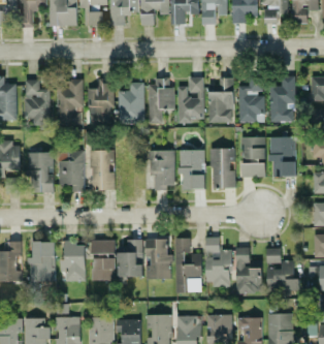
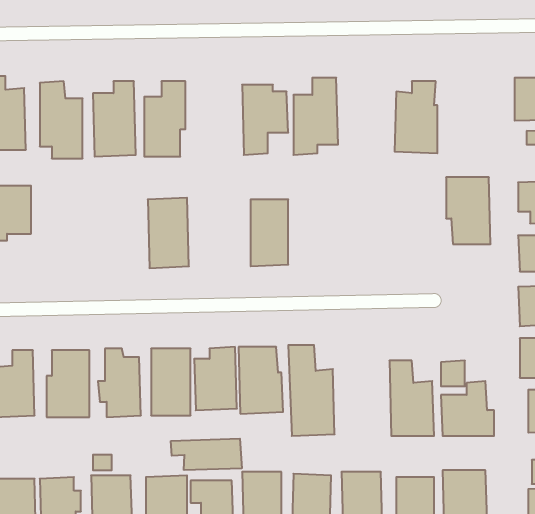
building: [269,75,295,121] -> none
building: [208,76,233,122] -> none
building: [118,82,144,124] -> none
building: [240,136,265,177] -> none
building: [212,148,234,188] -> none
building: [58,150,84,191] -> none
building: [179,150,205,189] -> none
building: [27,152,54,192] -> none
building: [205,237,230,285] -> none
building: none -> [171,439,242,470]

